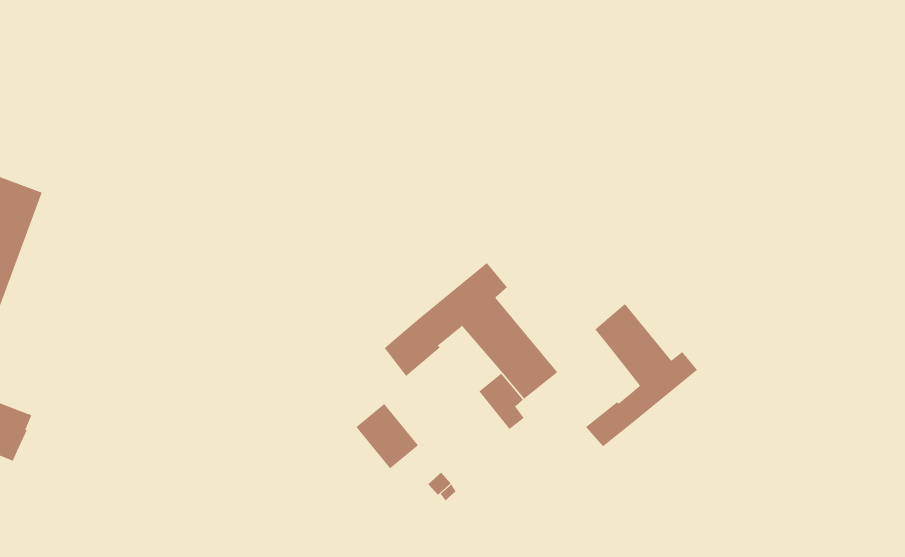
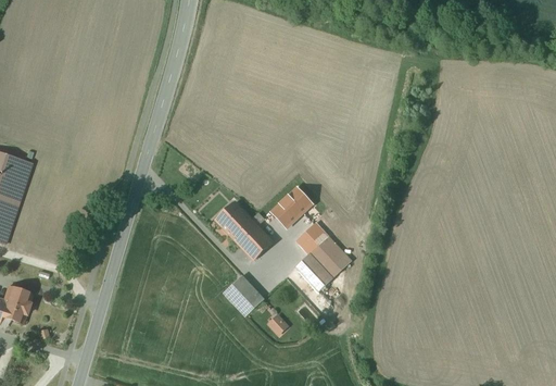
building: none -> [216,200,257,242]
building: [585,303,698,447] -> none

